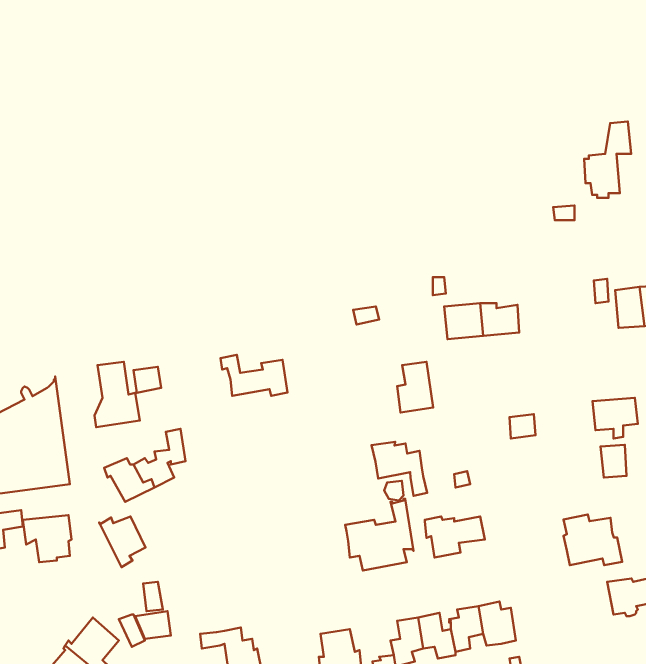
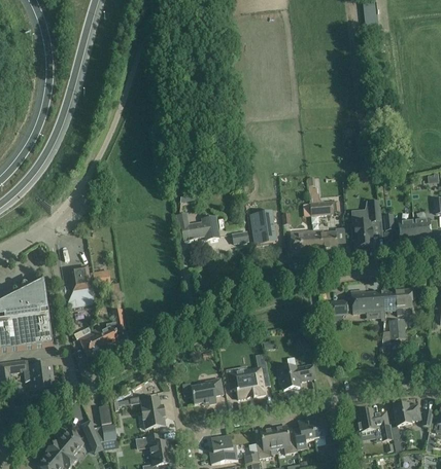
building: [584,121,631,198] -> [350,201,380,249]
building: none -> [308,186,340,216]
building: [221,355,287,396] -> [176,213,218,239]
building: [397,362,433,412] -> [253,212,276,244]
building: none -> [350,289,385,320]
building: [372,442,427,496] -> none
building: [563,515,622,565] -> [357,409,394,441]
building: [99,516,146,567] -> none
building: none -> [182,378,224,403]
building: none -> [130,394,165,428]

